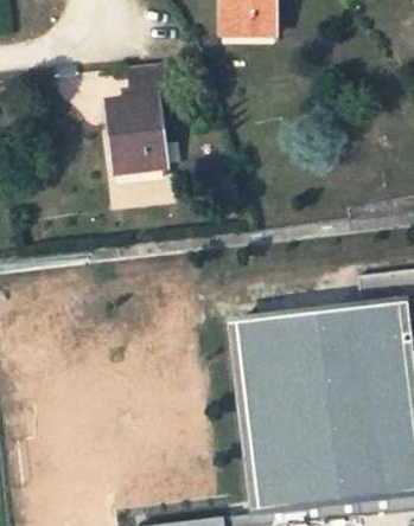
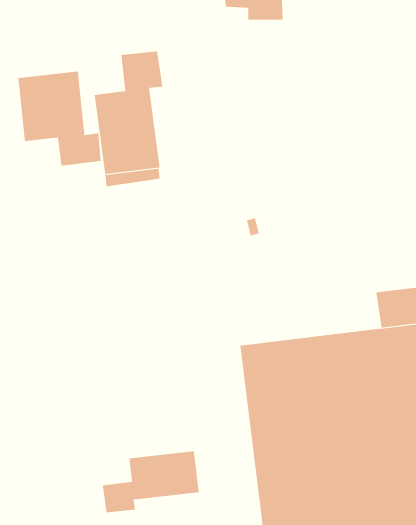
building: none -> [18,70,101,167]
building: none -> [102,451,199,513]

